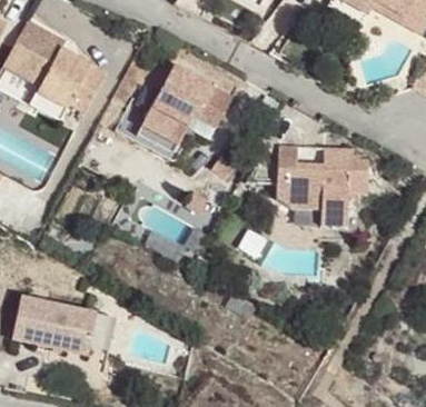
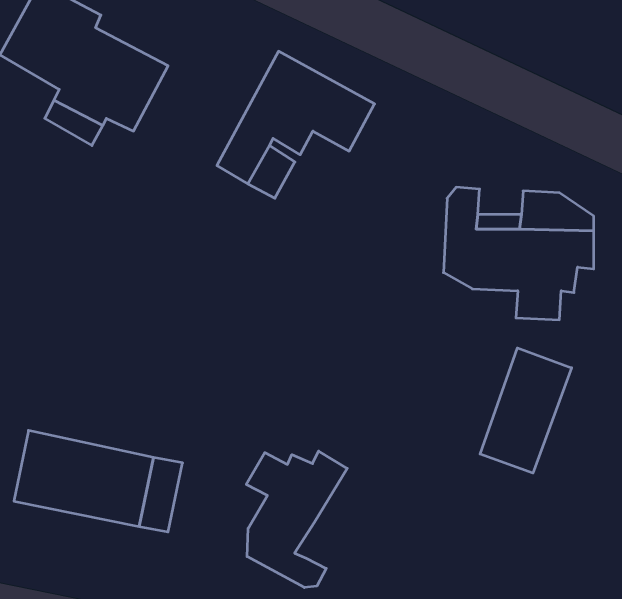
building: none -> [480,348,572,473]
building: none -> [246,451,347,588]

